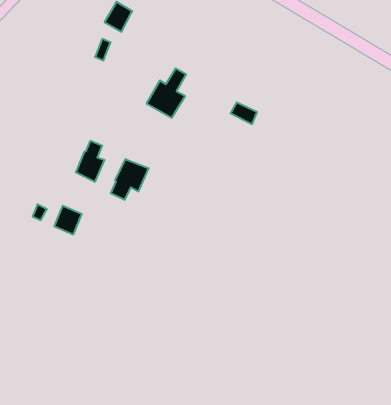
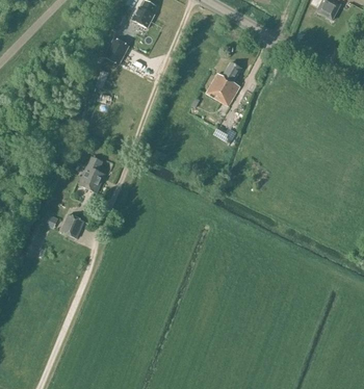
building: [147,69,186,118] -> [206,62,240,105]
building: [111,159,149,200] -> none

